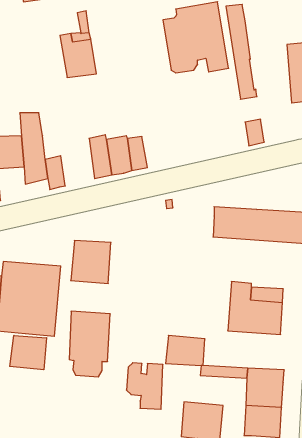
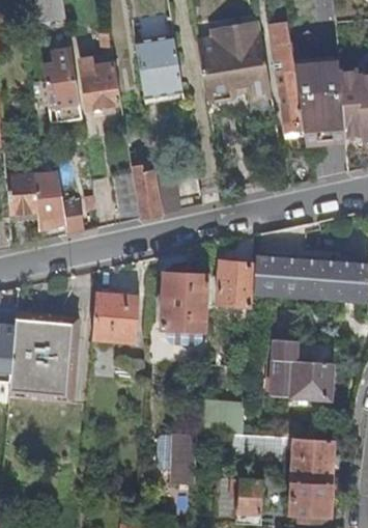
building: none -> [290,31,343,140]
building: none -> [135,34,183,100]
building: none -> [45,50,81,123]
building: none -> [217,263,255,306]
building: [69,311,110,377] -> [162,273,208,348]
building: [10,335,47,370] -> none

